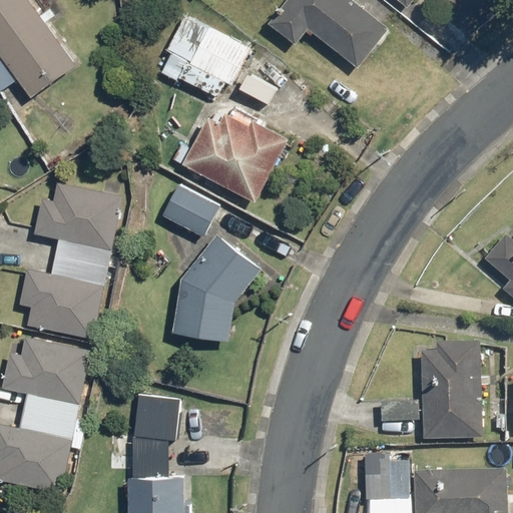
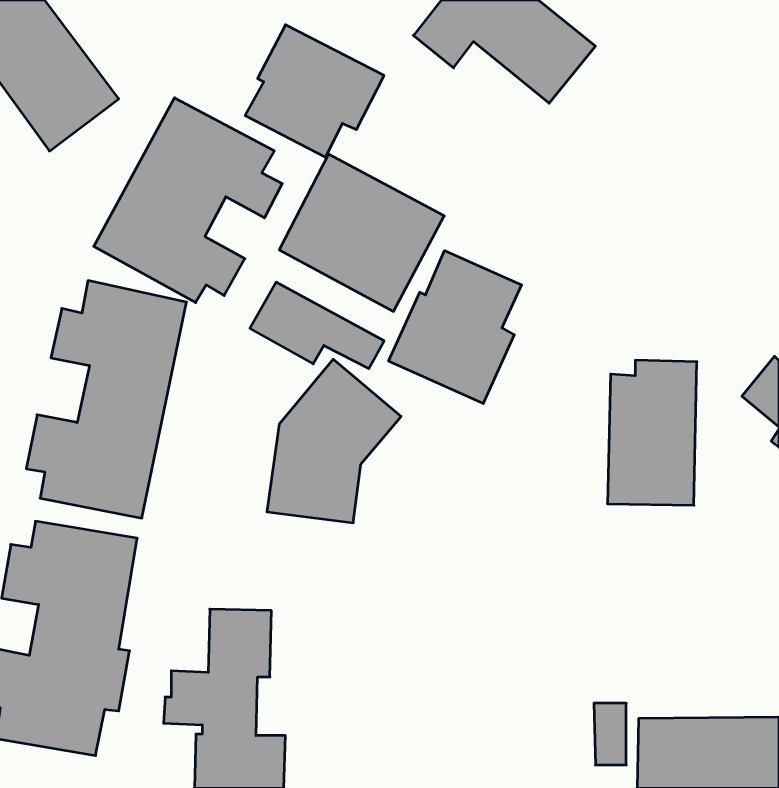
building: none -> [94,98,282,303]
building: none -> [389,251,522,404]
building: [423,341,481,435] -> [607,360,697,505]

